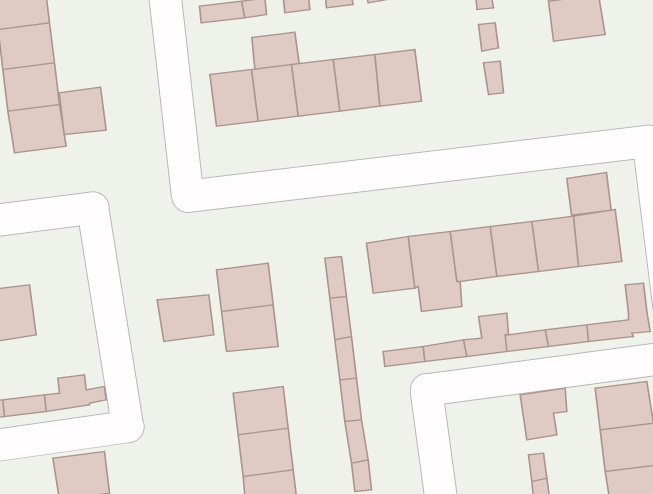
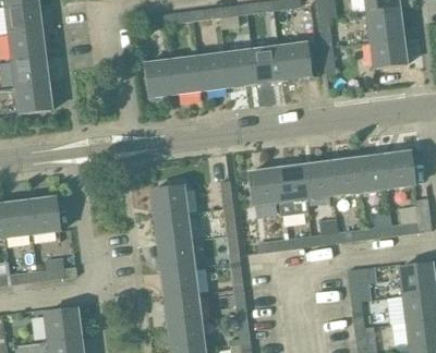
building: [252,32,299,69] -> none
building: none -> [370,36,407,68]
building: none -> [279,42,311,80]
building: [59,87,106,134] -> none
building: [567,172,611,215] -> none
building: none -> [27,196,59,232]
building: [157,295,214,341] -> [156,240,193,270]

